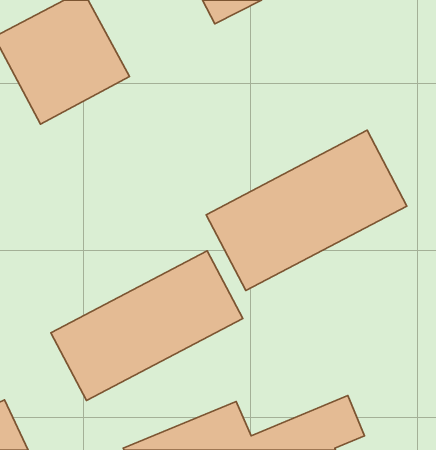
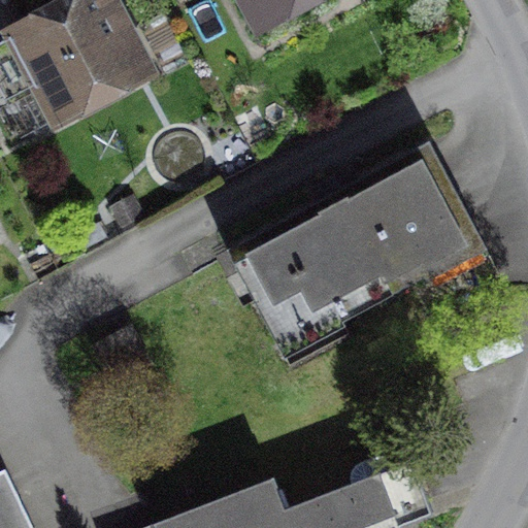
building: [51,251,243,401] -> none

